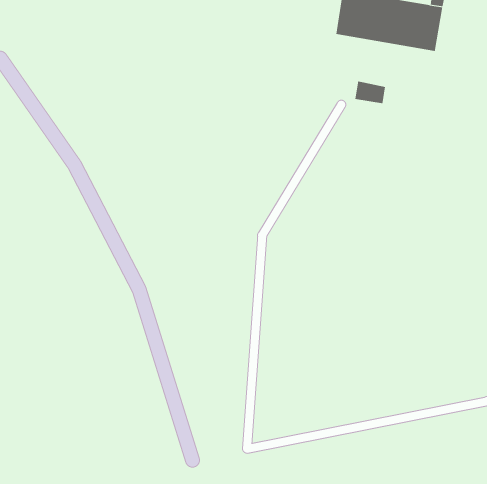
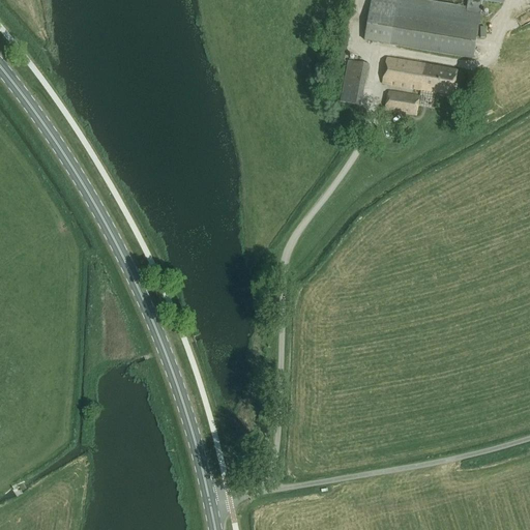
building: none -> [383,56,457,93]
building: none -> [341,59,367,102]

